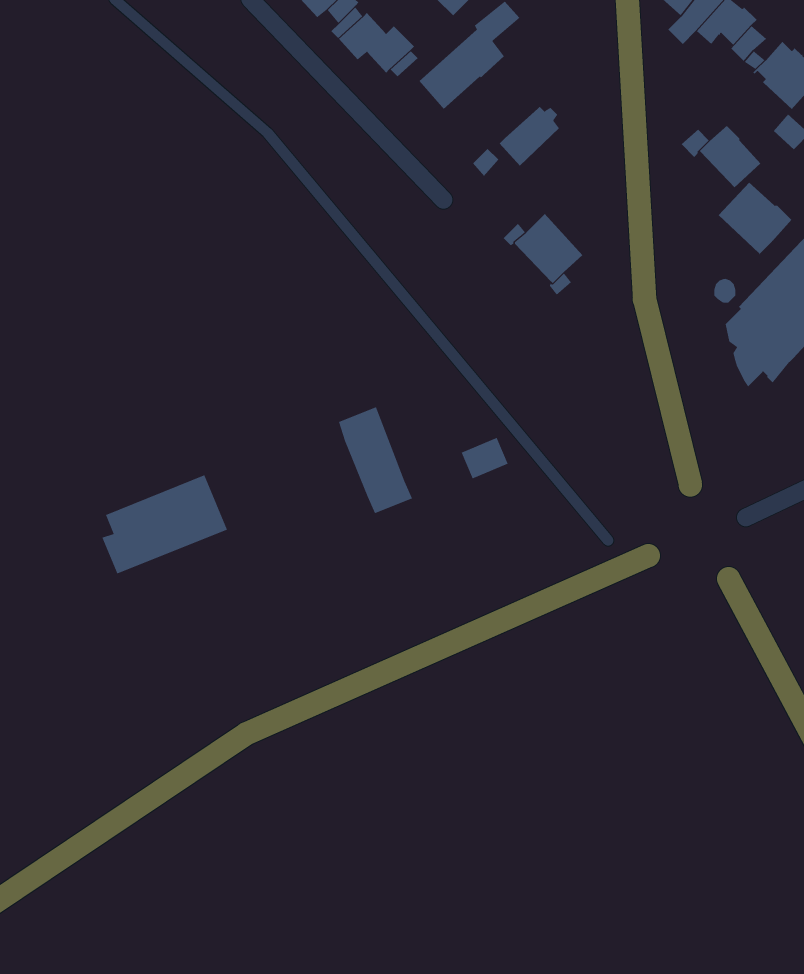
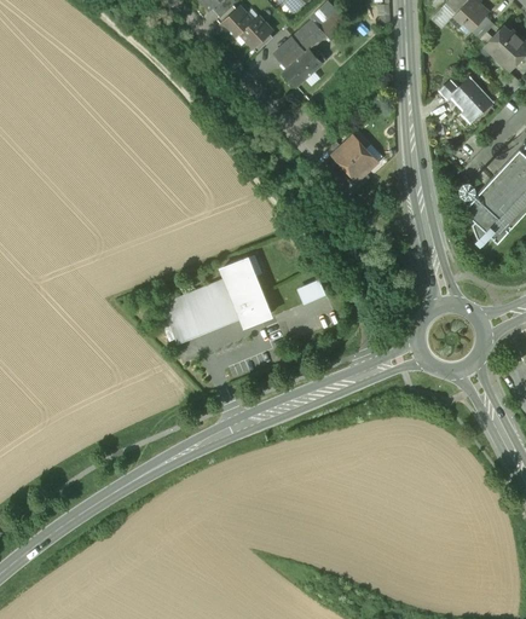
building: [499,105,560,166] -> [287,50,325,88]
building: [718,182,792,256] -> none
building: [101,474,228,574] -> [162,279,242,342]

